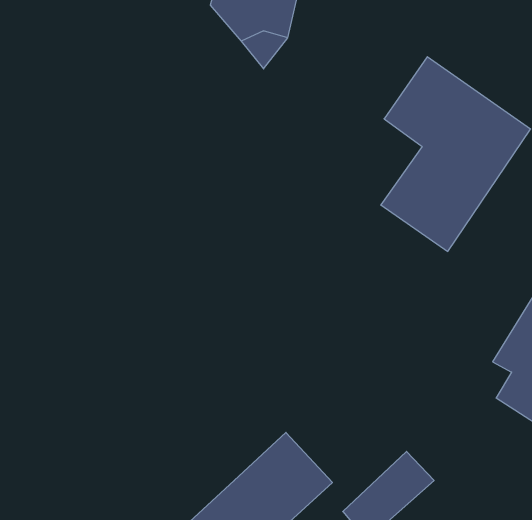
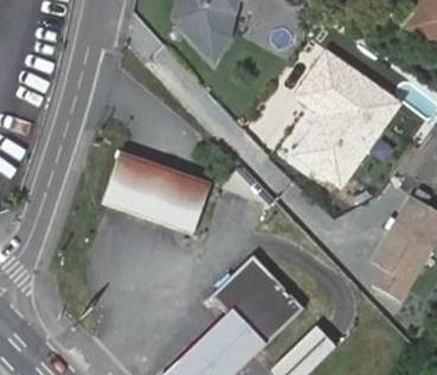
building: none -> [99,155,204,233]
building: none -> [212,259,298,345]

